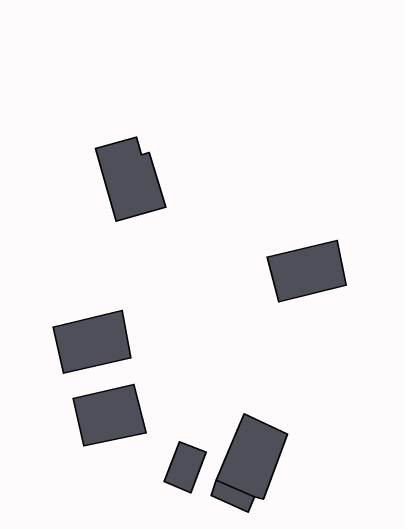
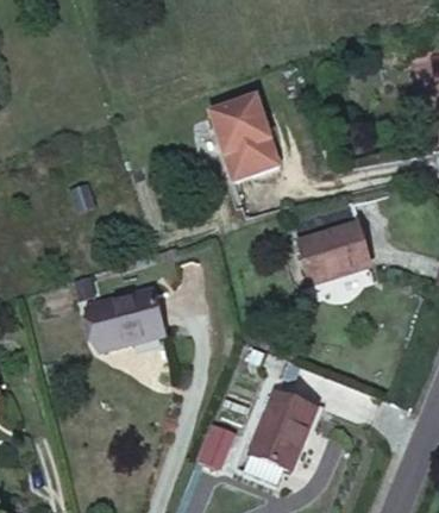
building: [96,137,166,221] -> [208,110,274,188]
building: [73,385,146,446] -> none

